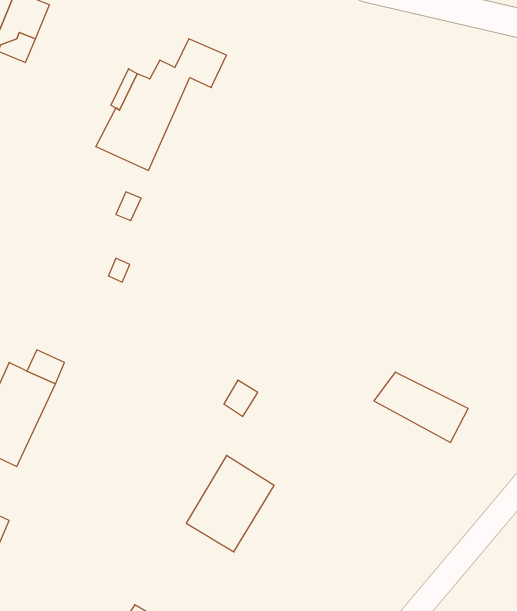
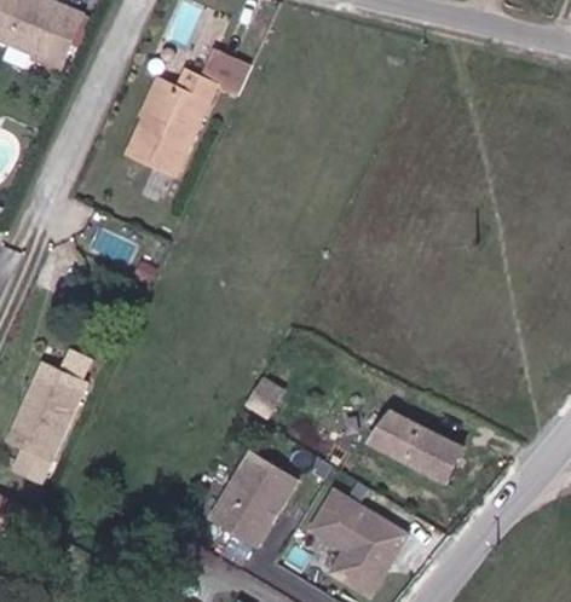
building: [374,372,468,442] -> [370,412,461,480]
building: none -> [312,490,408,595]

